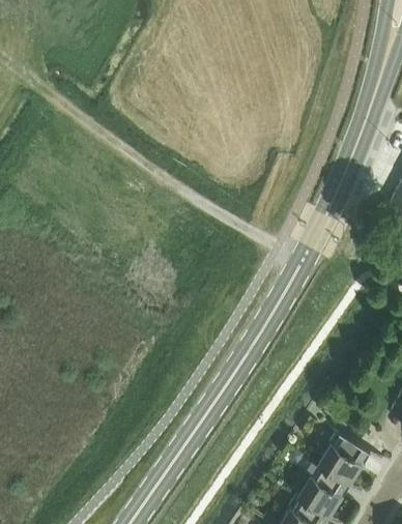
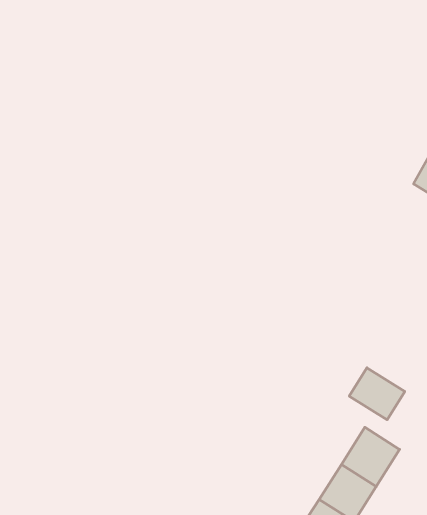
building: none -> [349,368,405,420]

